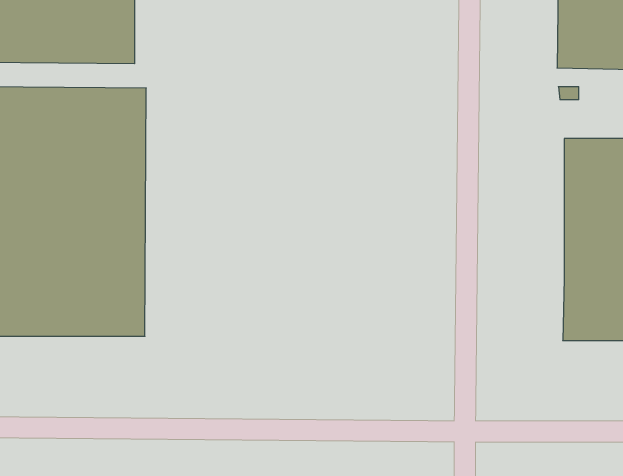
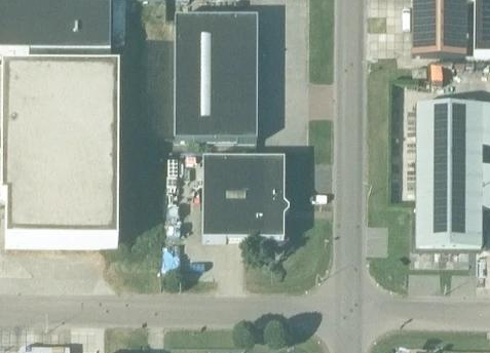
building: none -> [174,14,257,139]
building: none -> [202,157,284,238]

